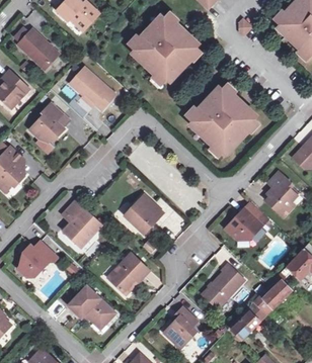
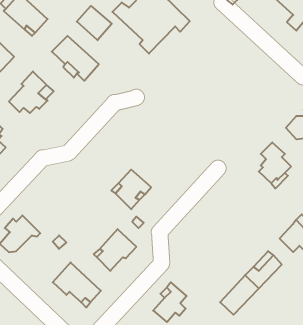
building: none -> [77,6,112,40]
building: [183,85,256,158] -> none
building: [62,203,100,250] -> none
building: [224,207,261,239] -> none
building: [205,265,246,310] -> none

